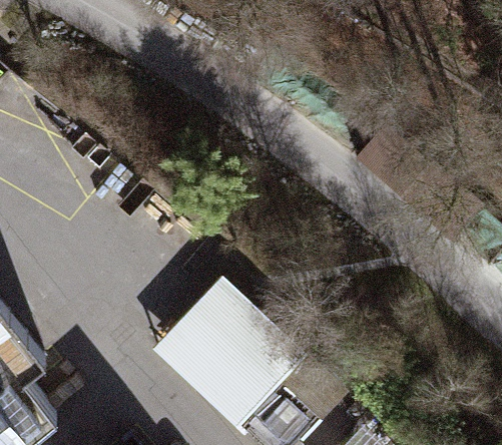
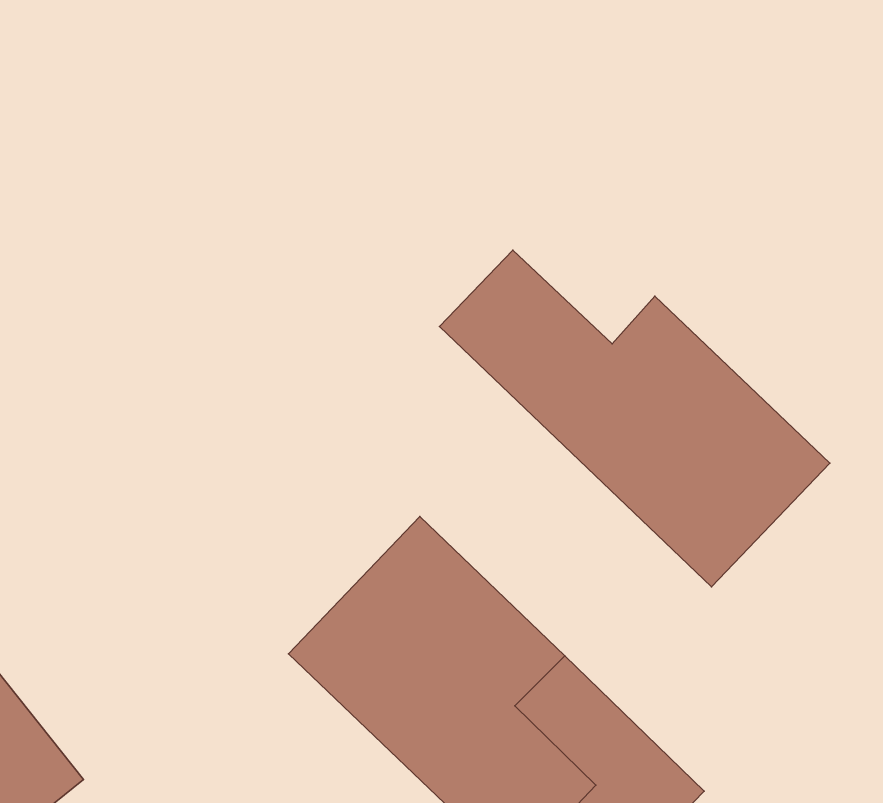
building: none -> [440,250,830,587]

